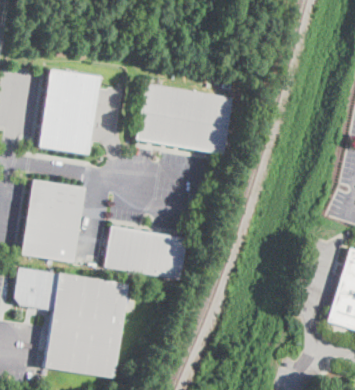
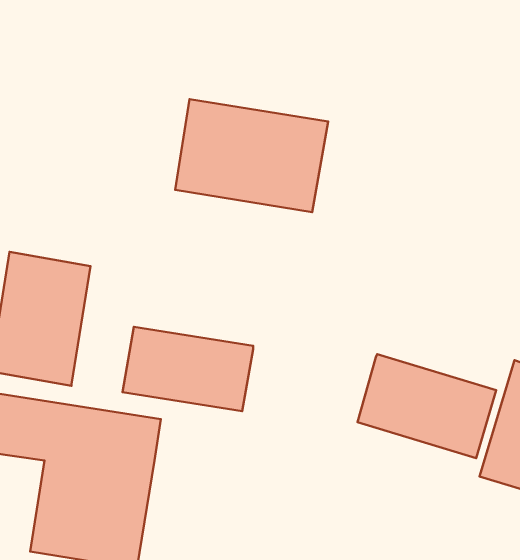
building: [39,68,99,150] -> none
building: none -> [357,354,496,458]

